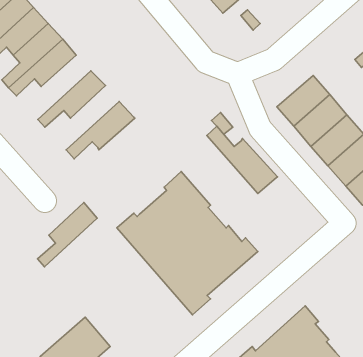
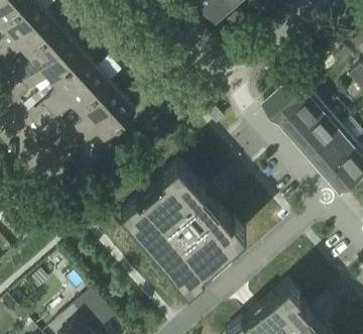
building: none -> [43,58,98,115]
building: [207,126,278,194] -> none
building: [38,202,97,267] -> [70,85,123,142]

